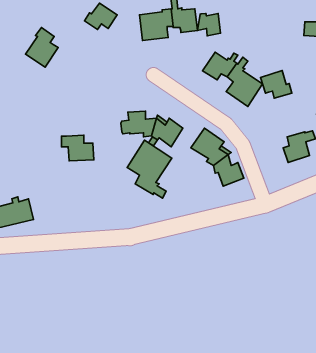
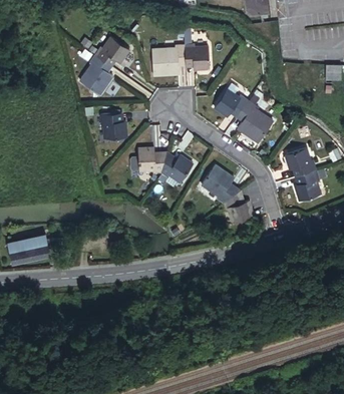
building: [198,13,220,36] -> none
building: [26,28,58,67] -> [78,55,111,95]
building: [261,71,292,98] -> [287,145,319,173]
building: [61,135,94,161] -> [96,112,129,138]
building: [127,140,172,198] -> none

